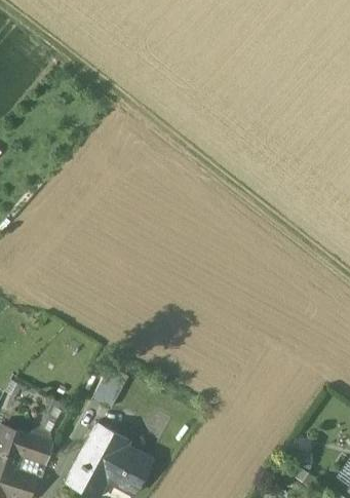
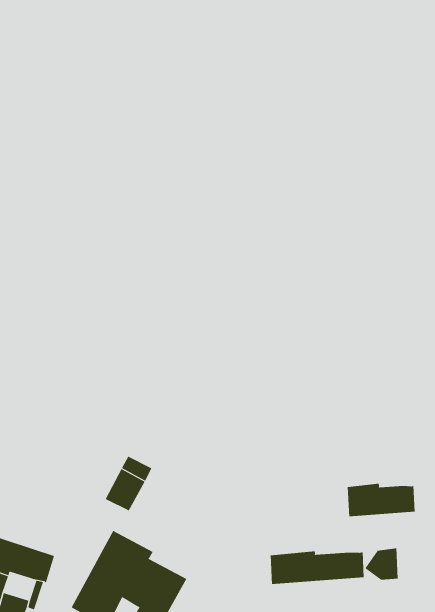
building: none -> [347,483,415,517]
building: none -> [270,550,364,585]

